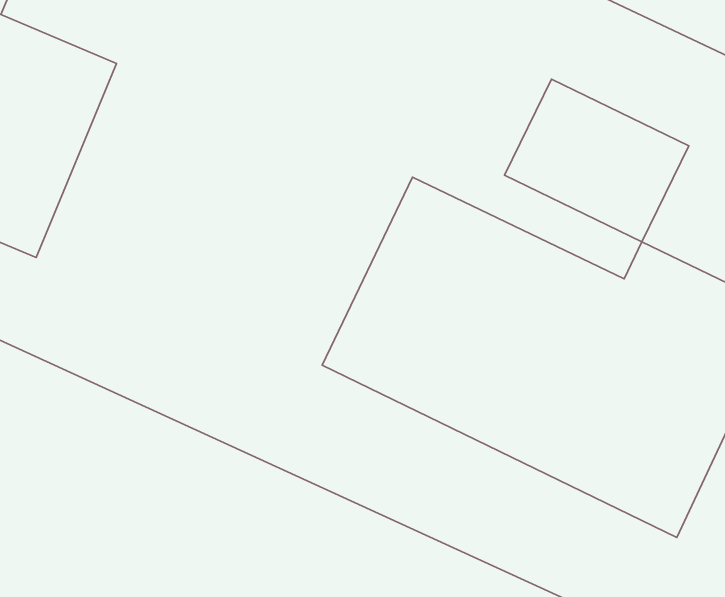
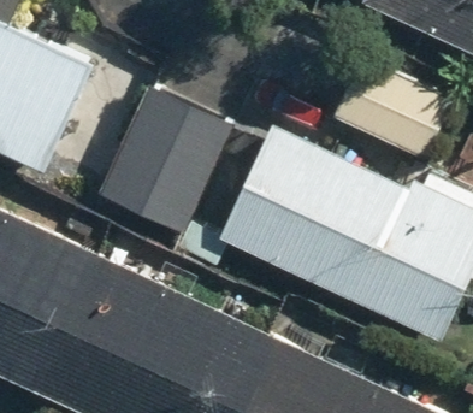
building: none -> [94,84,235,232]

